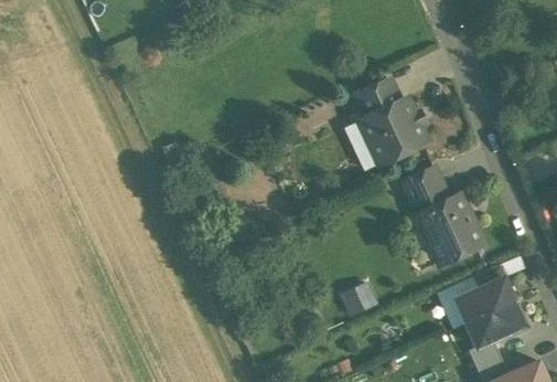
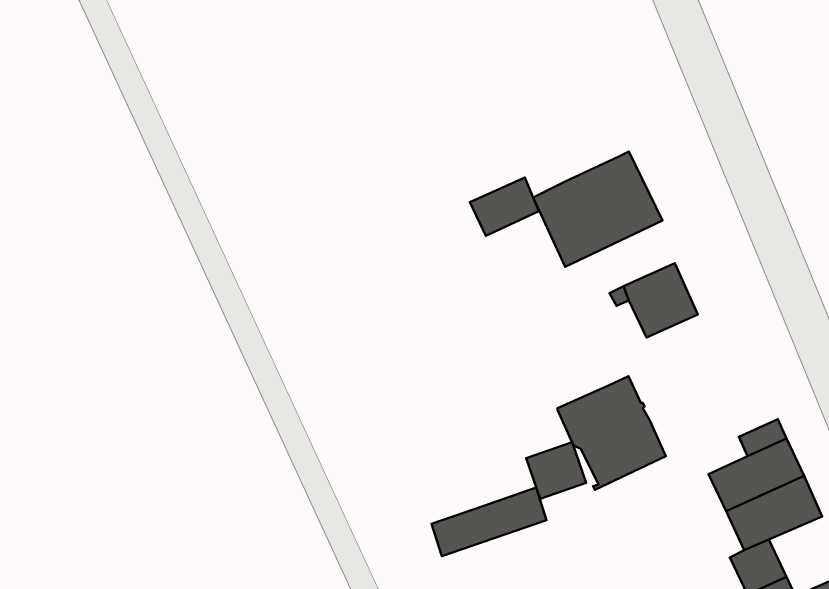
building: [356,81,399,117] -> [470,177,539,236]
building: [417,194,484,265] -> [558,376,666,490]
building: none -> [432,488,547,556]

